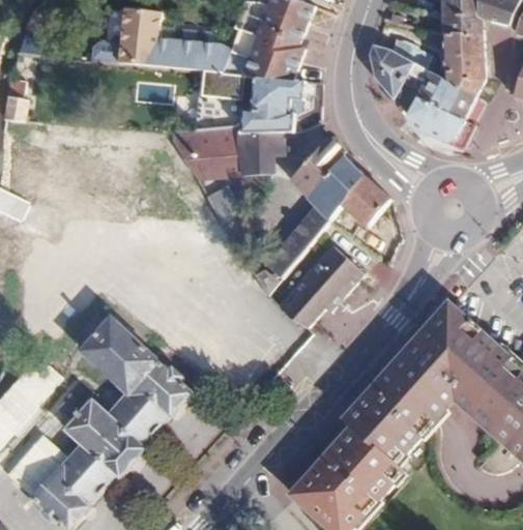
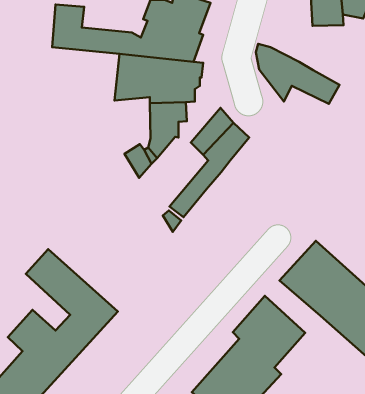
building: [443,32,486,108] -> none
building: [390,37,431,79] -> none
building: [407,109,464,153] -> none
building: [168,123,239,178] -> none
building: [340,174,388,226] -> none
building: [278,244,364,325] -> none
building: [383,354,454,420] -> none

